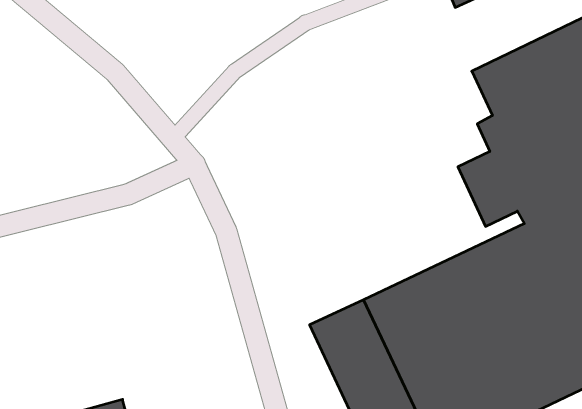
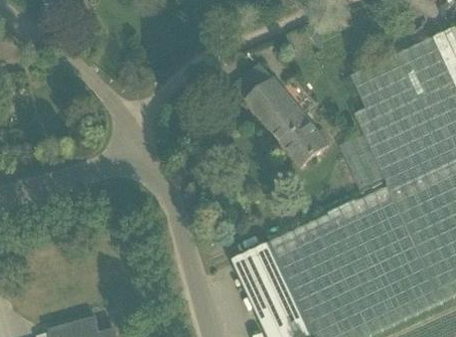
building: none -> [234,62,328,165]

